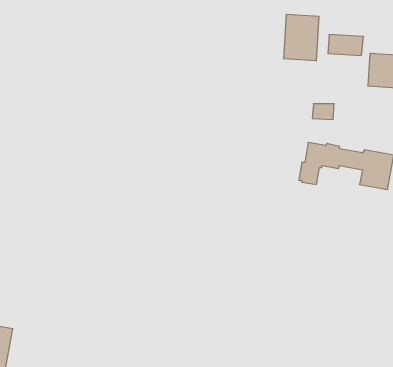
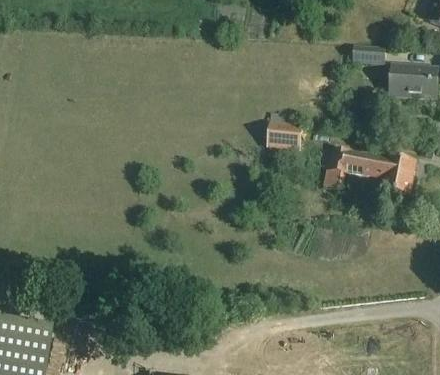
building: [284,14,319,61] -> none
building: none -> [268,123,304,153]

